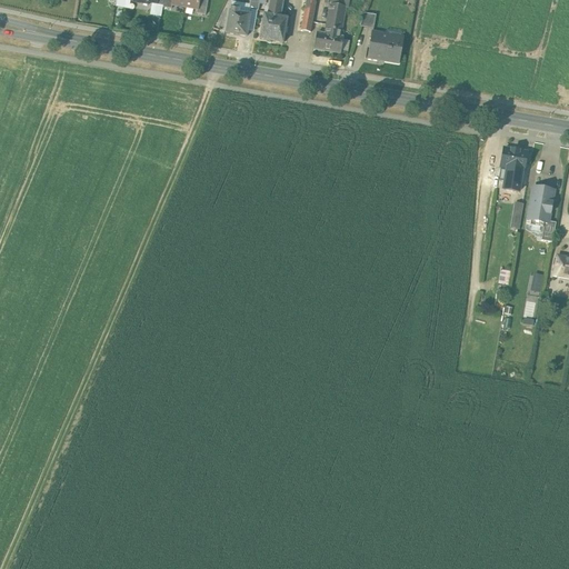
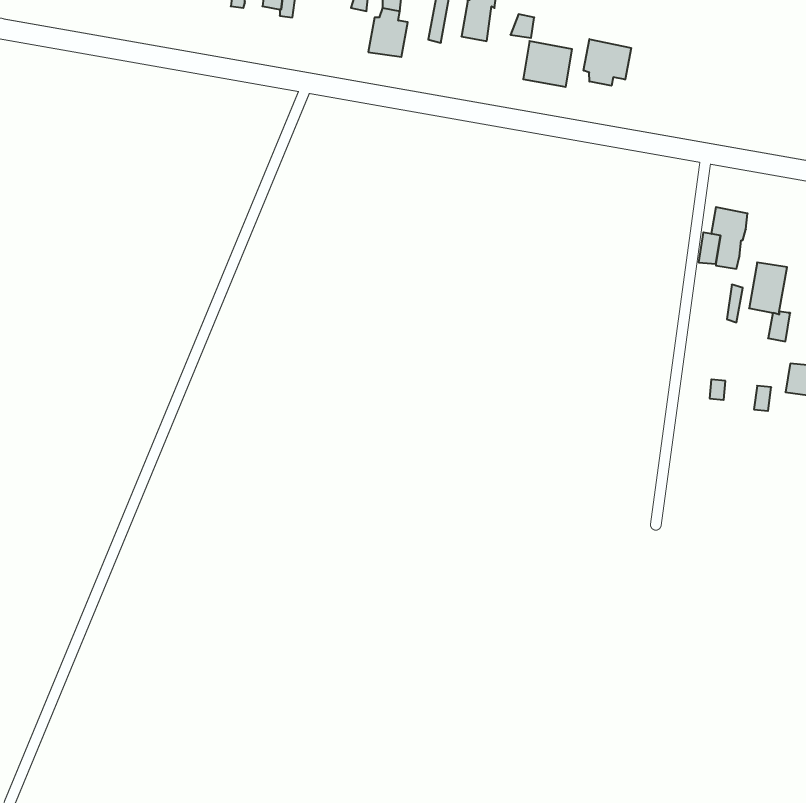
building: [227,4,250,34] -> none
building: [315,26,345,51] -> none
building: none -> [584,39,631,86]

